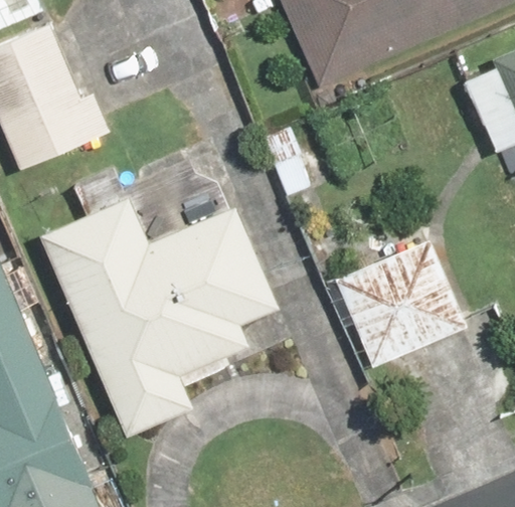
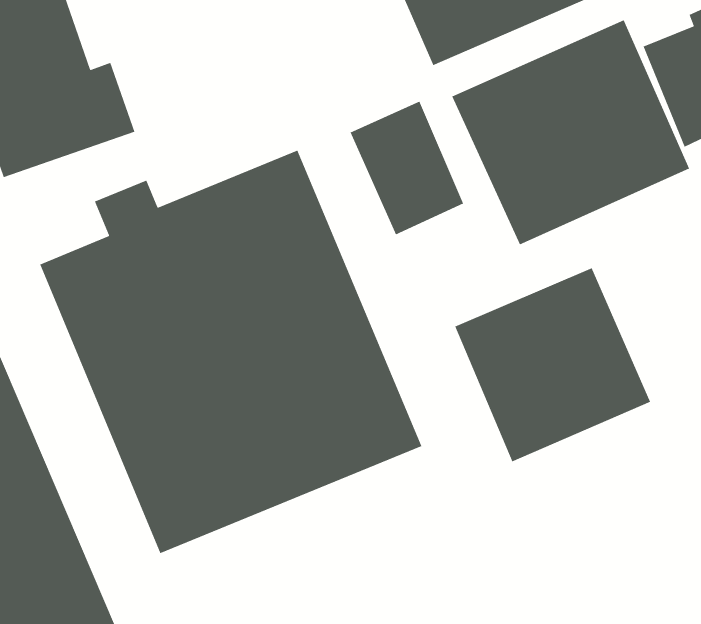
building: none -> [451,19,690,246]

